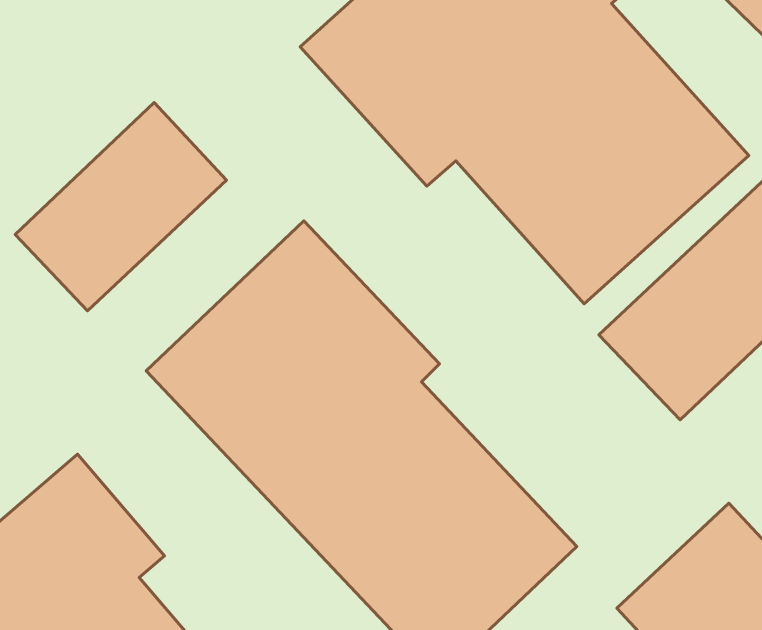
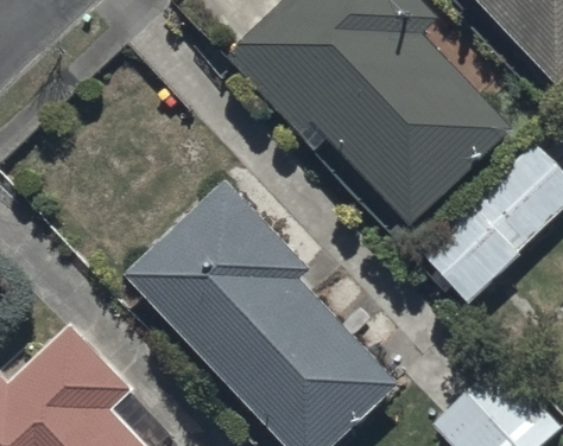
building: [15,103,227,311] -> none

